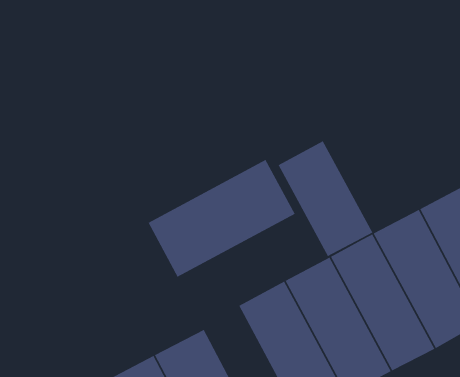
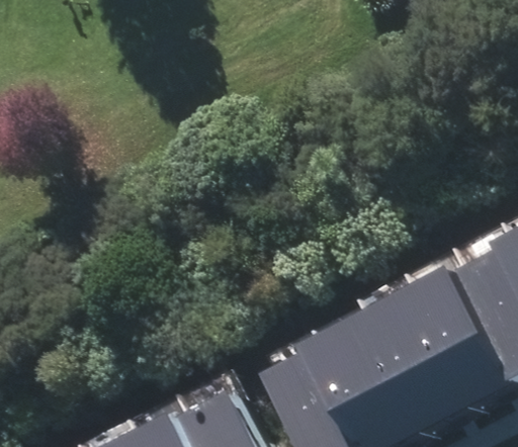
building: [277,140,373,257] -> none
building: [147,159,296,278] -> none

